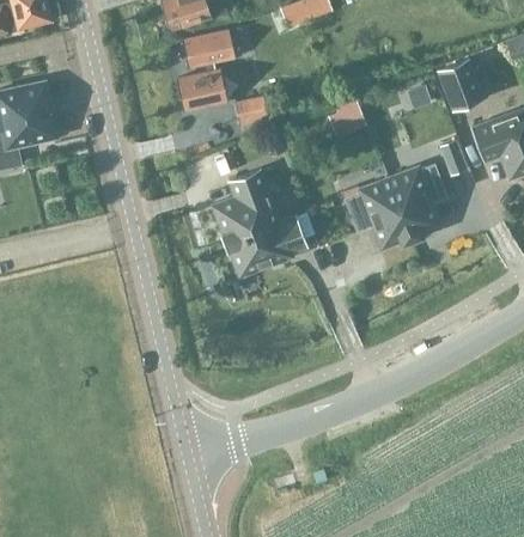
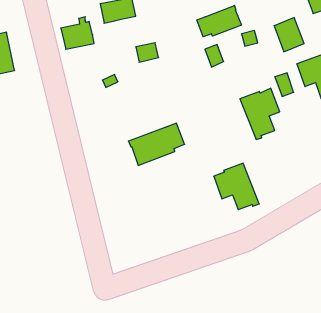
building: none -> [197,5,241,37]
building: [177,62,226,110] -> [61,17,94,49]
building: [212,170,279,242] -> none
building: [345,179,412,248] -> [214,163,259,210]

